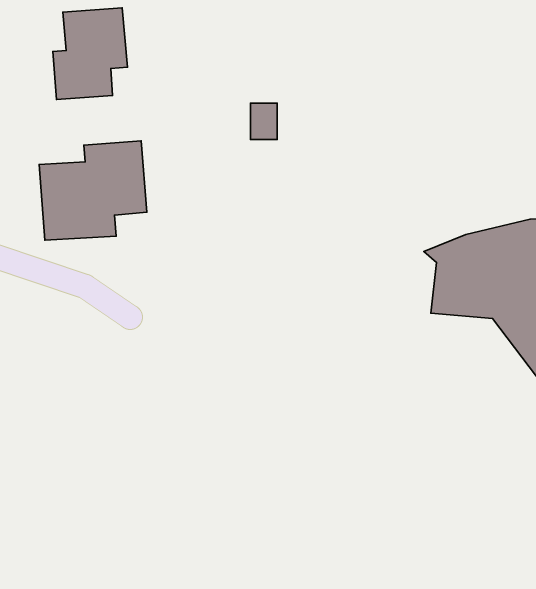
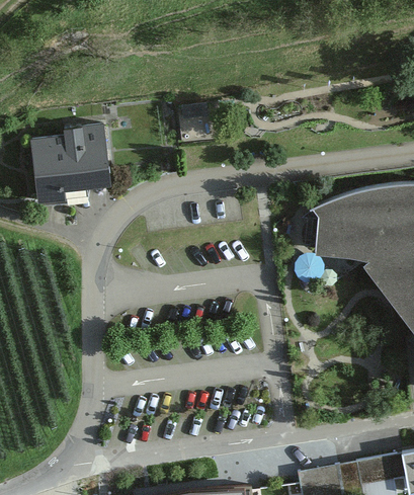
building: [53,8,127,99] -> none

